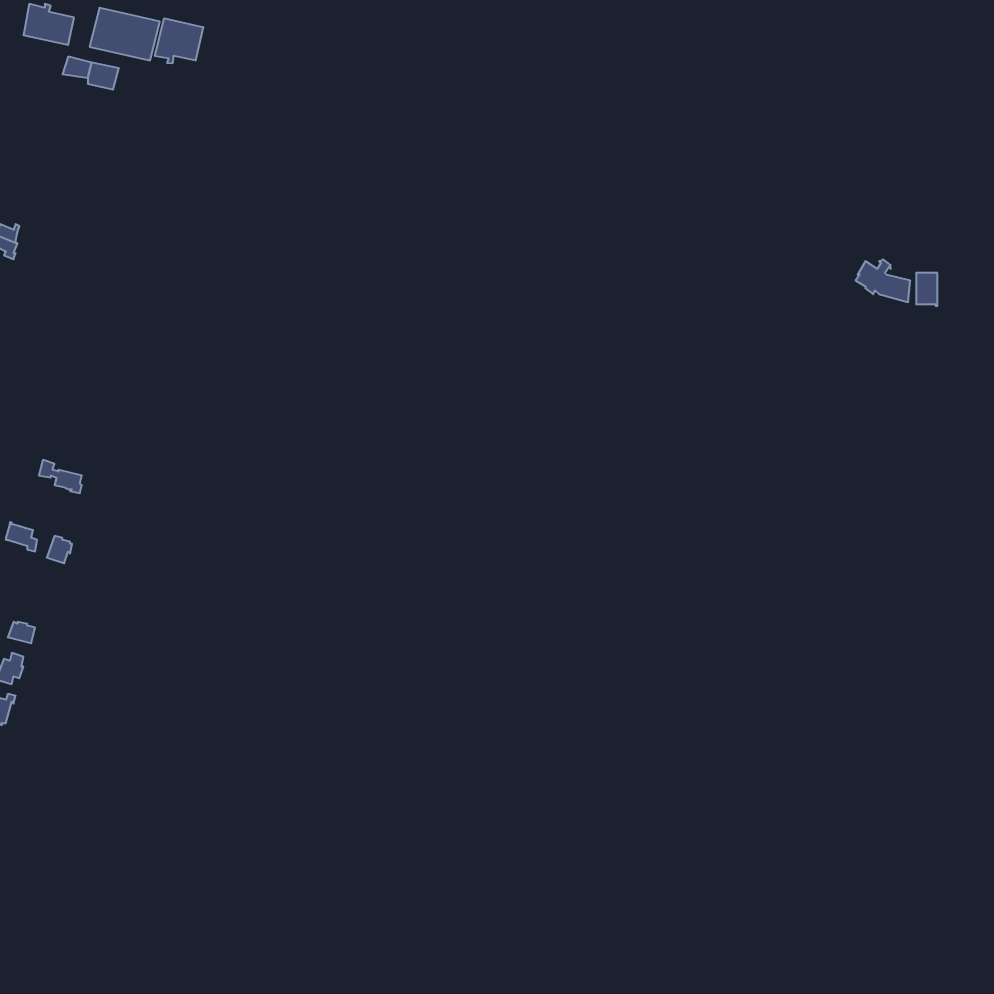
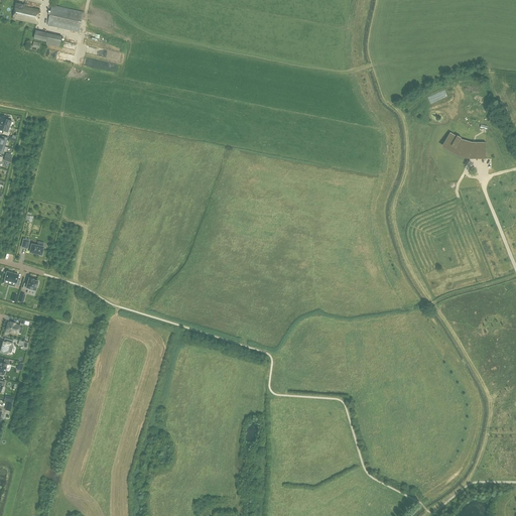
building: [155,18,203,63] -> none

